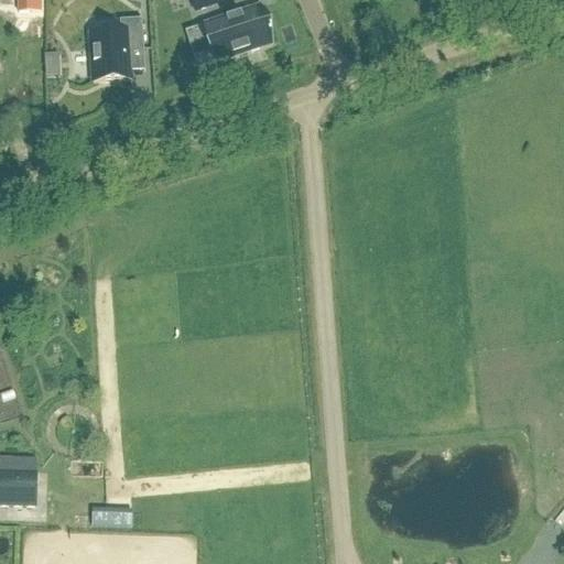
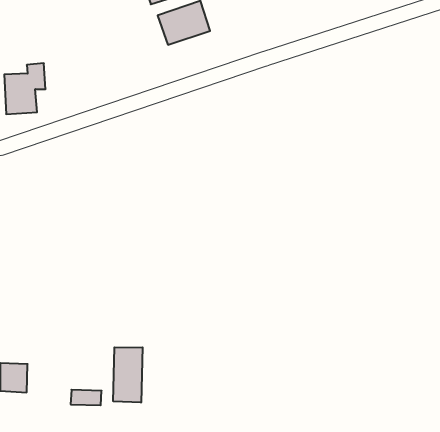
building: [93,12,145,77] -> [4,63,46,114]
building: none -> [113,347,143,403]

